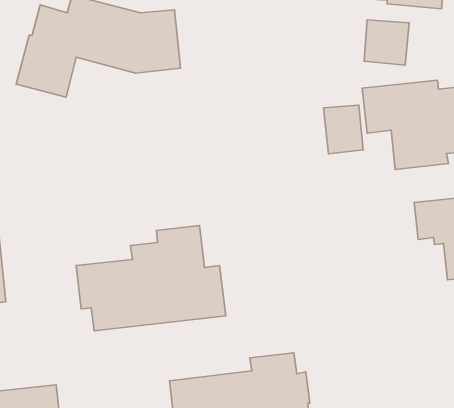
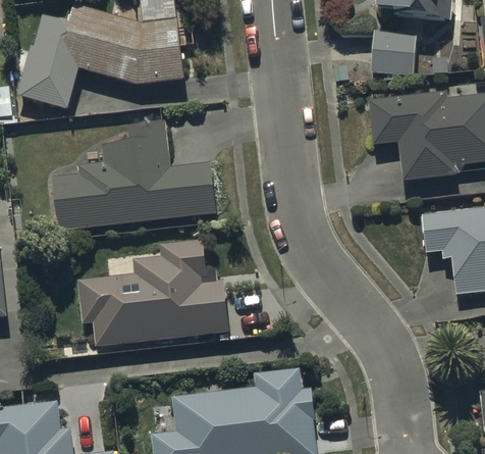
building: [324,105,363,154] -> none
building: none -> [54,120,216,231]

